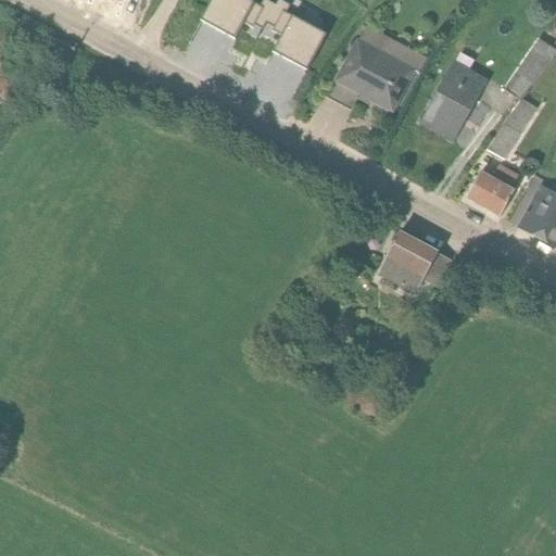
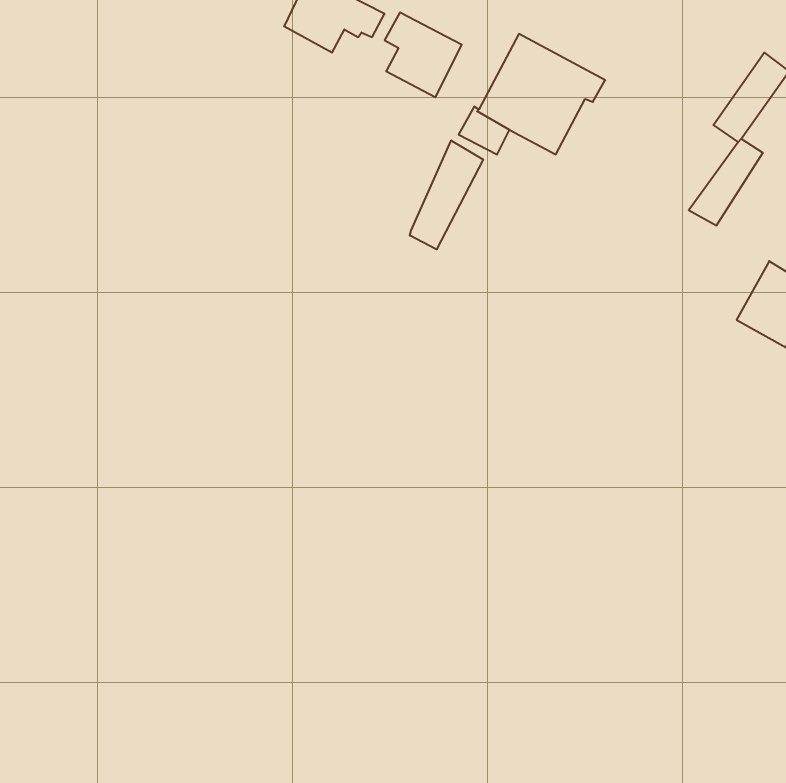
building: [420,60,489,139] -> none
building: none -> [410,140,483,249]
building: [468,165,518,214] -> none
building: [377,230,452,293] -> none

